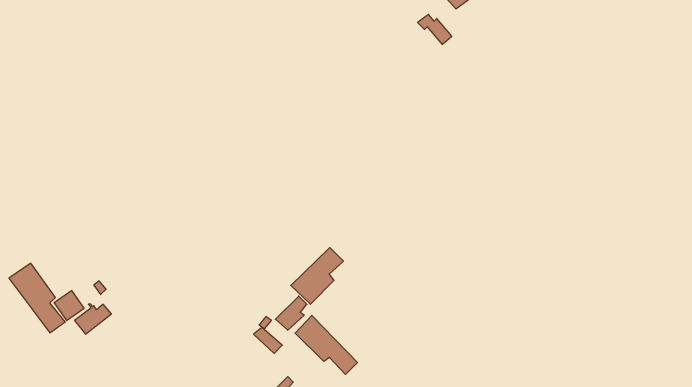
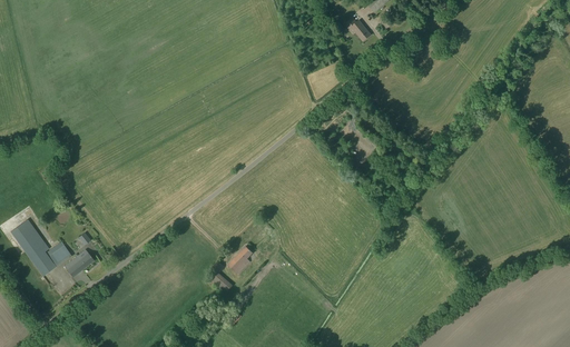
building: [291,248,343,304] -> none
building: [295,315,357,374] -> none

